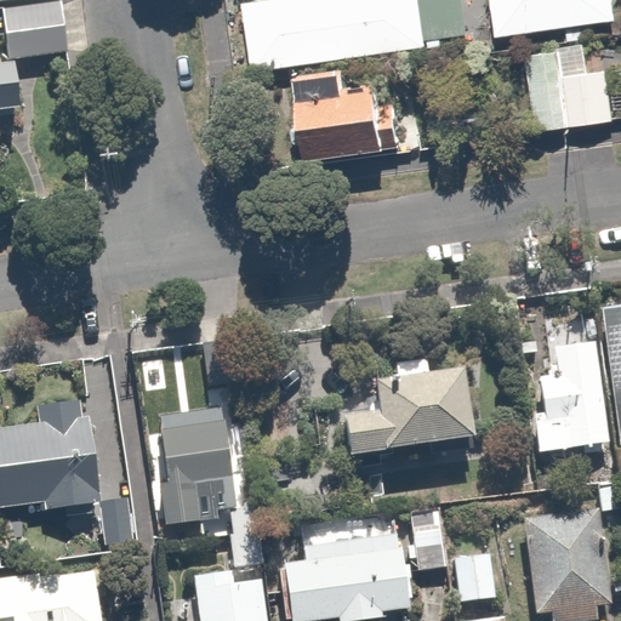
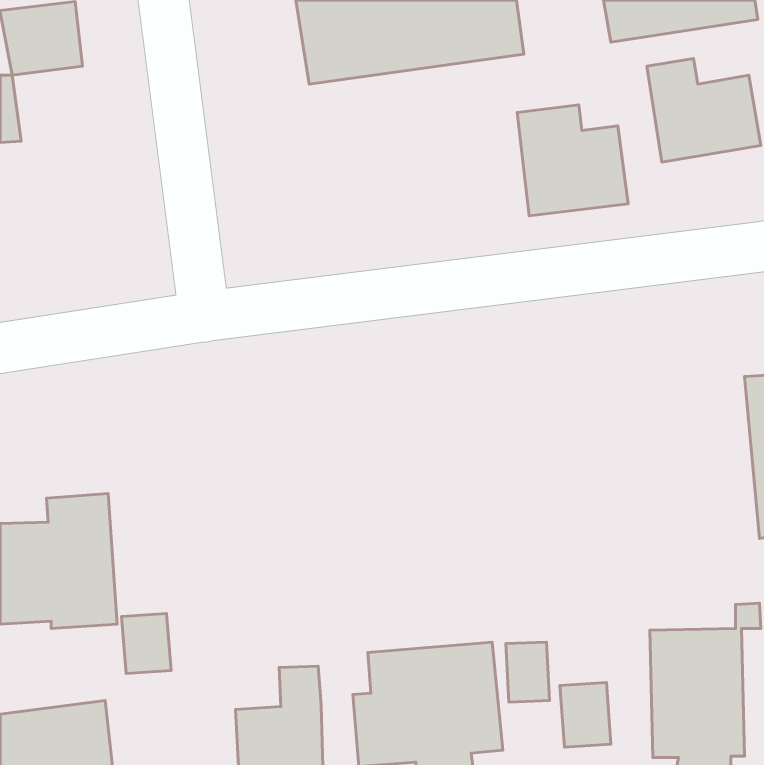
building: [298,68,388,158] -> [517,105,628,216]
building: [534,340,604,450] -> none
building: [341,358,486,455] -> none
building: [153,410,255,530] -> none

